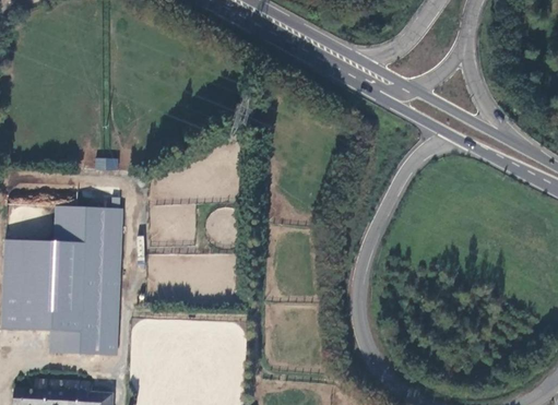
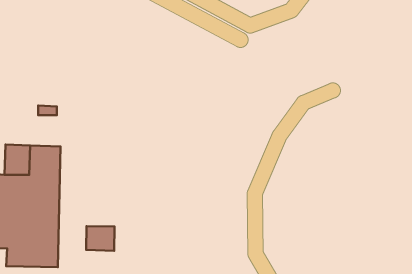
building: none -> [86,226,115,251]

